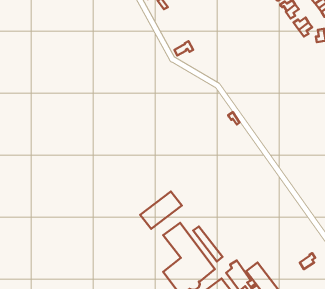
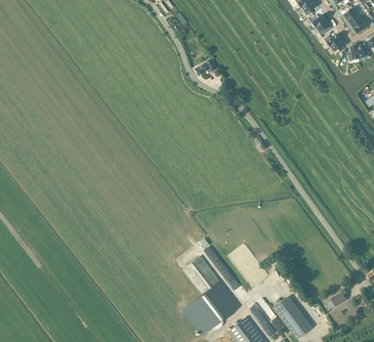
building: [140,191,182,229] -> none

